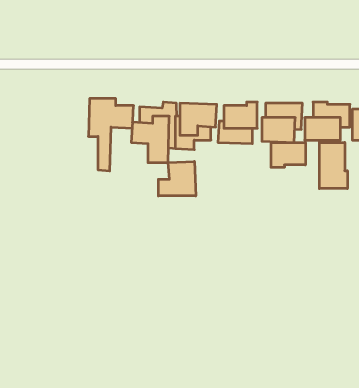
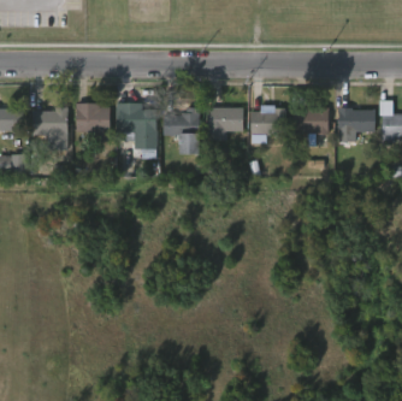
building: none -> [72,100,107,140]
building: none -> [30,105,66,148]
building: [271,142,305,167] -> none
building: [319,142,347,189] -> none
building: [158,161,196,196] -> none

